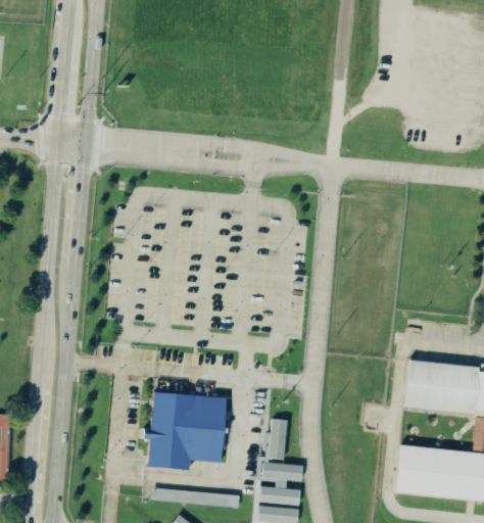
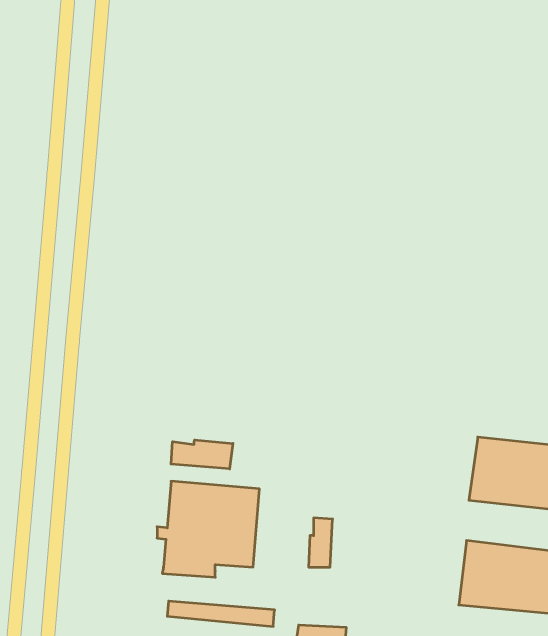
building: none -> [171,440,233,469]
building: [259,465,302,508] -> none

